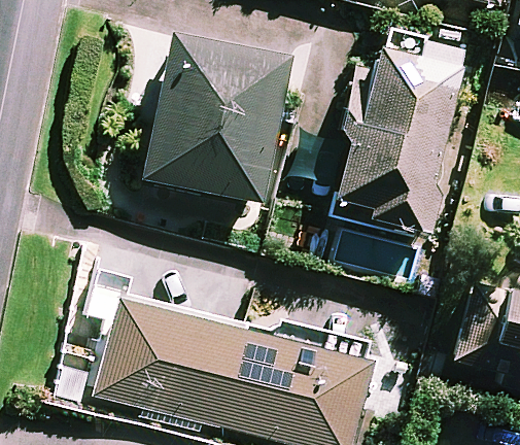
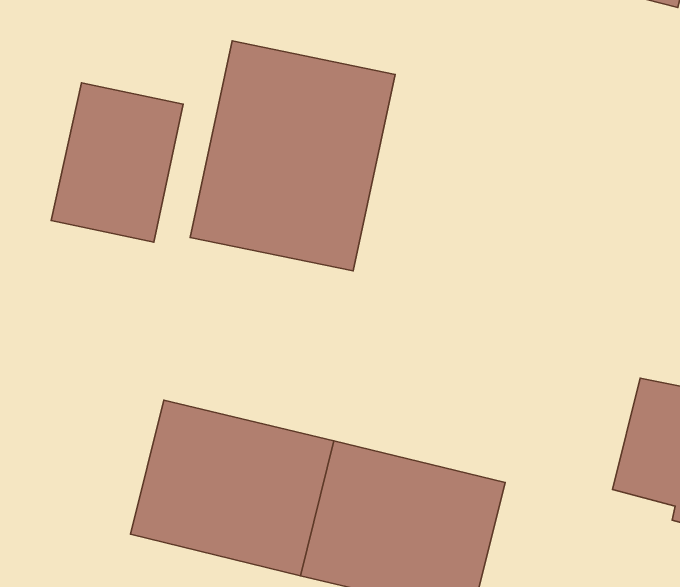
building: [337,43,465,231] -> none
building: none -> [51,83,183,242]

